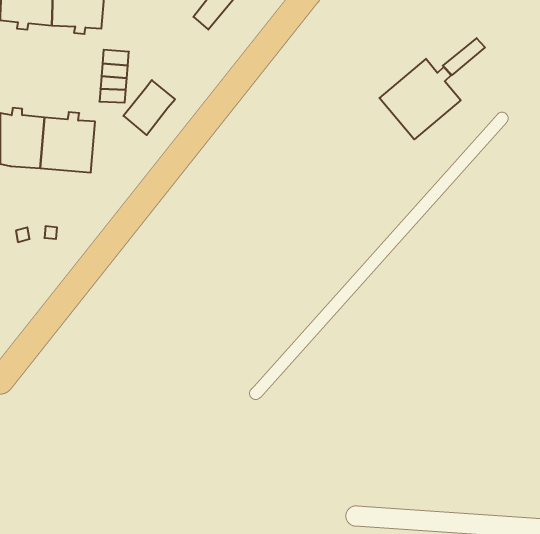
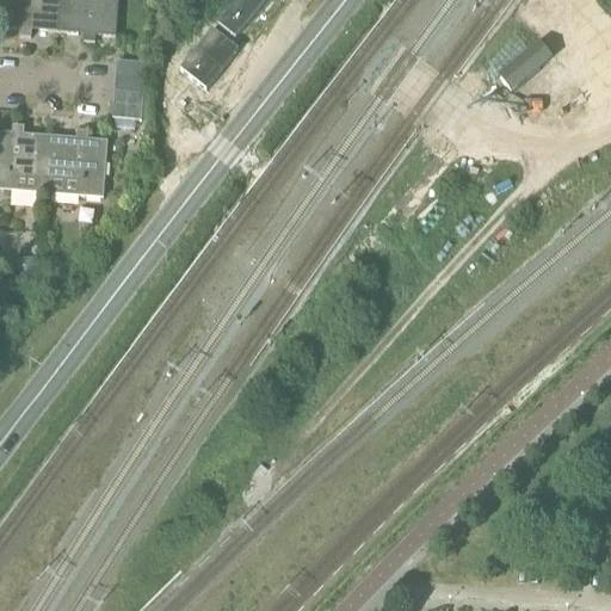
building: [379,59,461,139] -> none
building: [123,80,175,135] -> [180,25,239,87]

